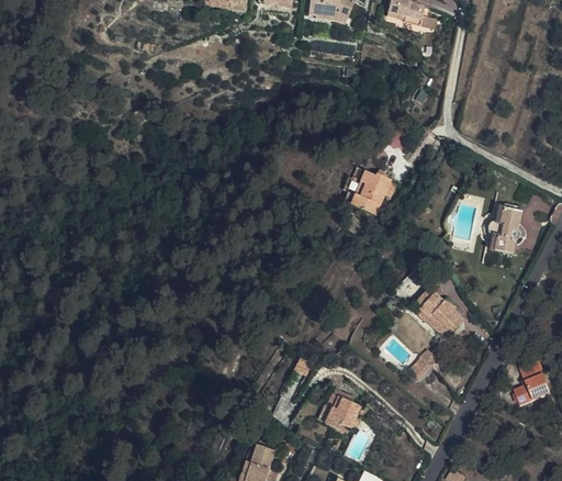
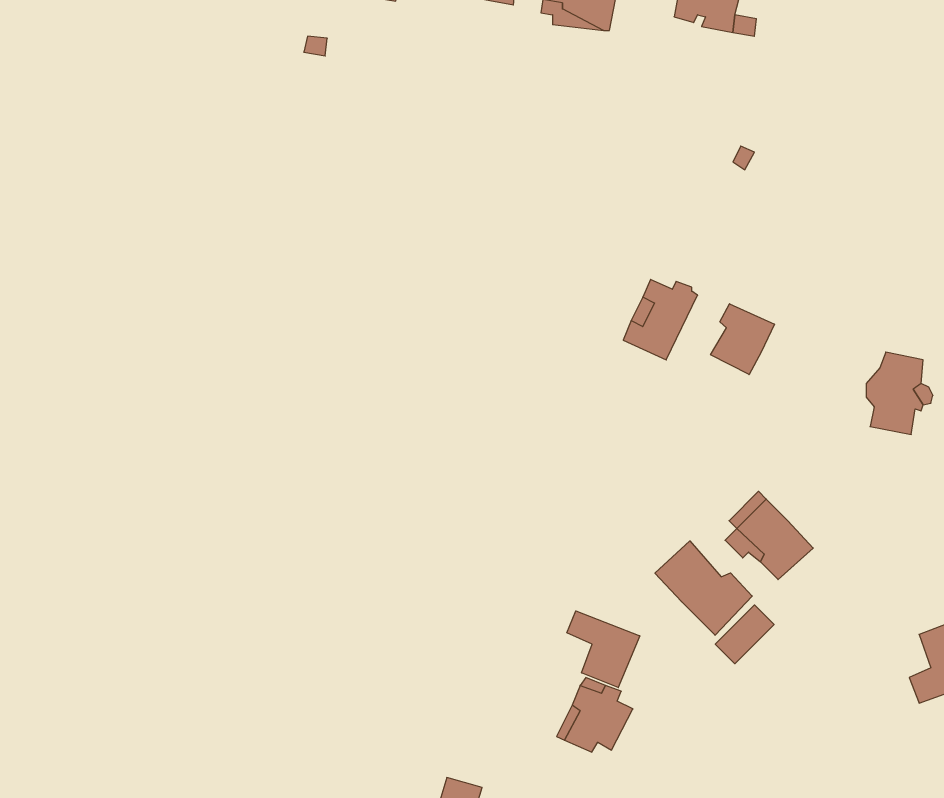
building: none -> [711,304,774,375]
building: none -> [655,541,752,635]
building: none -> [567,611,640,688]

